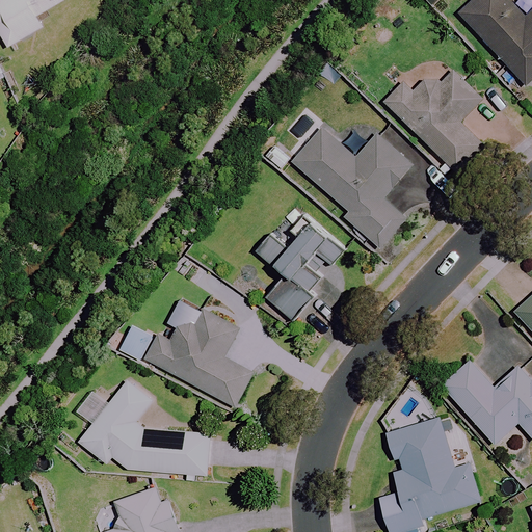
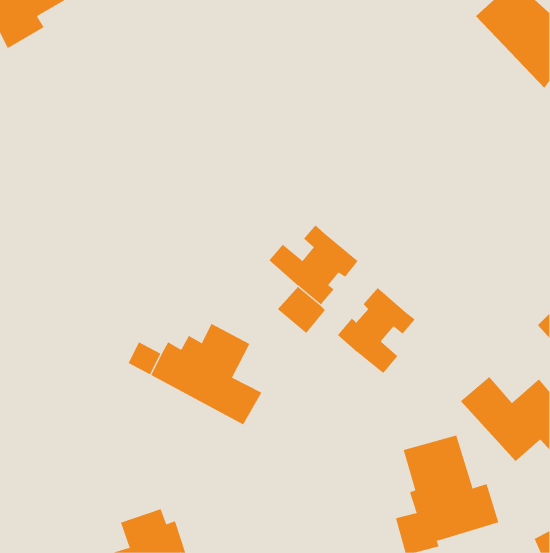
building: [382,71,484,170] -> none
building: [292,128,410,246] -> none
building: none -> [337,287,415,374]
building: [80,379,210,474] -> none

